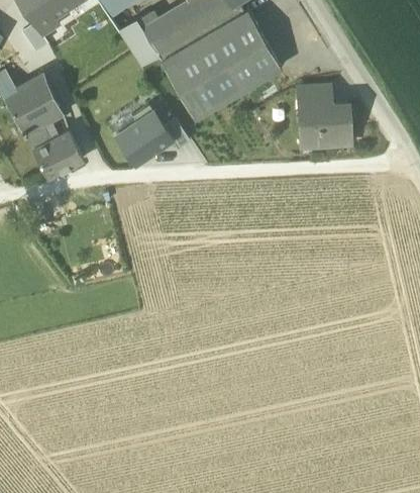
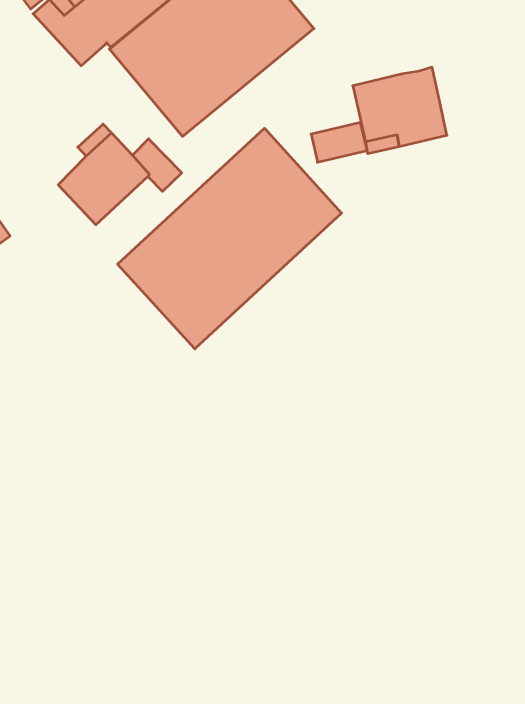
building: [298,86,329,105] -> [311,122,367,162]
building: none -> [118,128,342,349]

